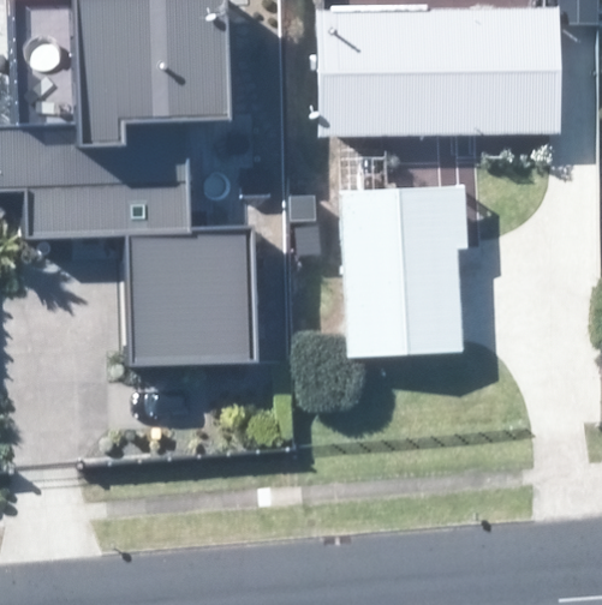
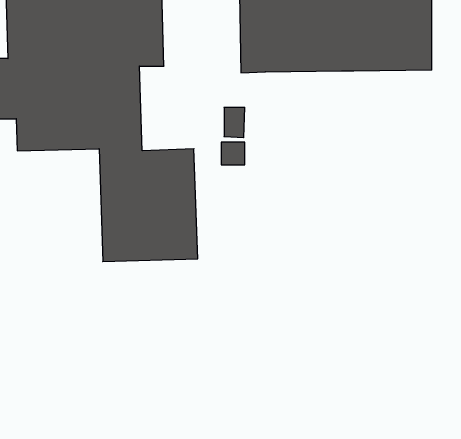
building: [339,143,467,354] -> none

